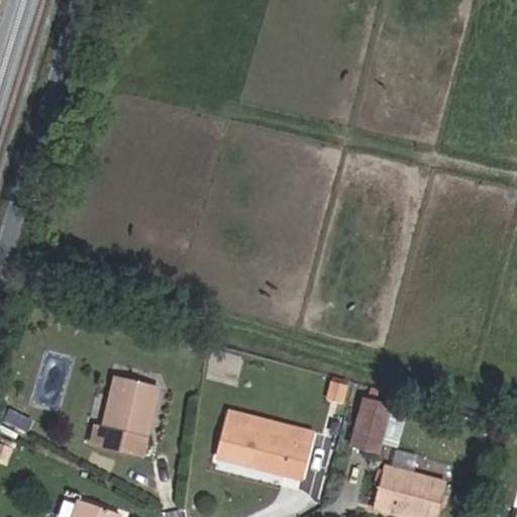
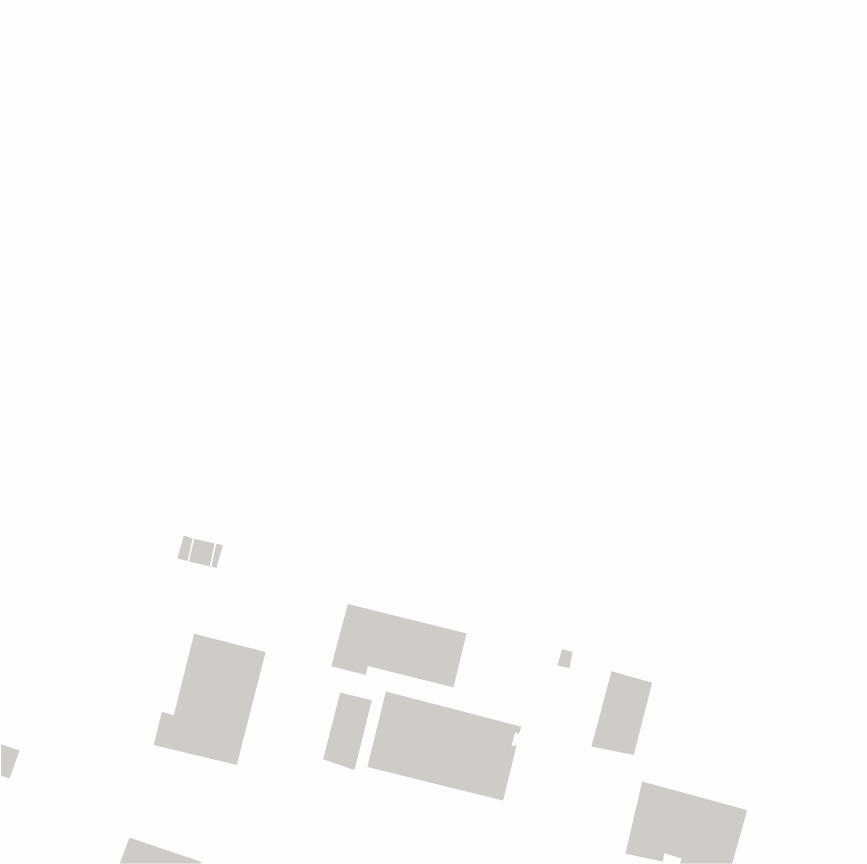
building: none -> [330,603,467,688]
building: none -> [322,692,373,771]

